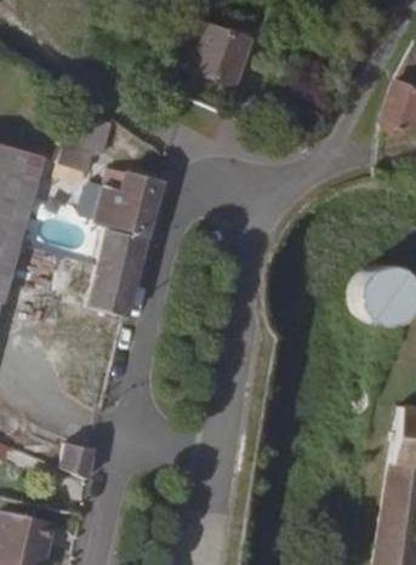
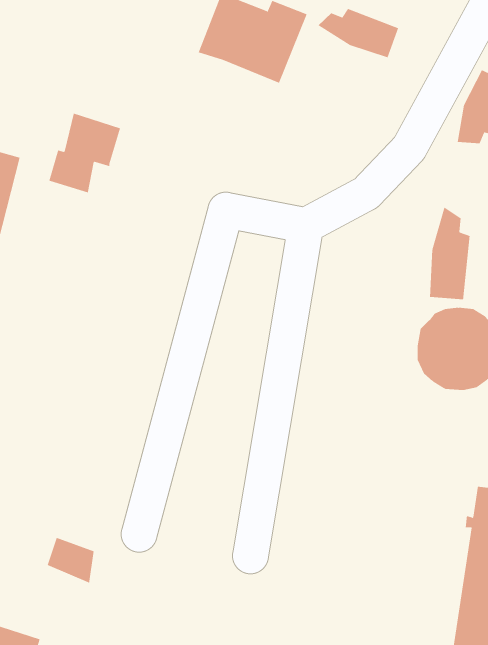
building: none -> [317,8,399,58]
building: [92,165,166,318] -> none
building: none -> [429,206,470,300]

